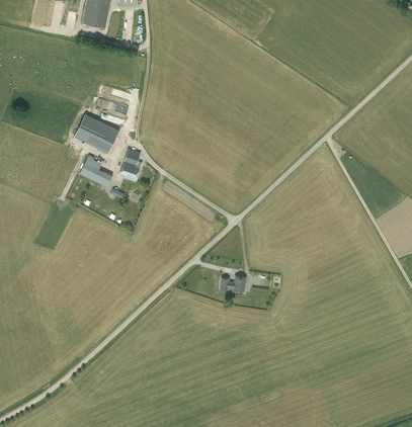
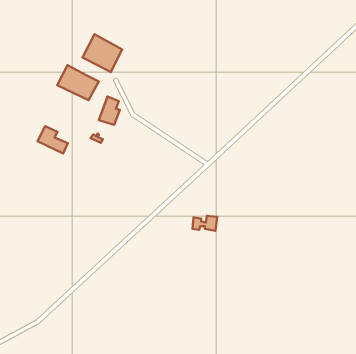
building: none -> [83,34,122,72]
building: [80,157,112,186] -> [38,126,68,153]

